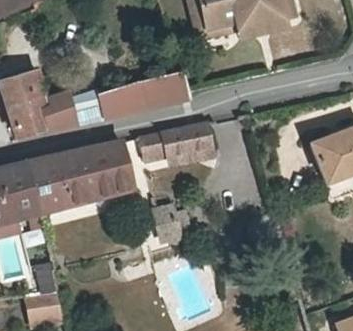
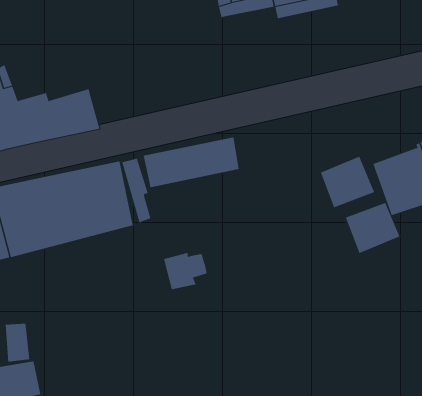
building: [100,74,189,118] -> none
building: none -> [320,156,375,208]
building: none -> [345,202,400,254]

